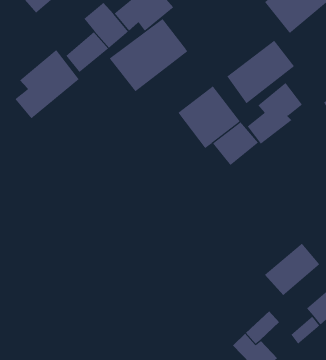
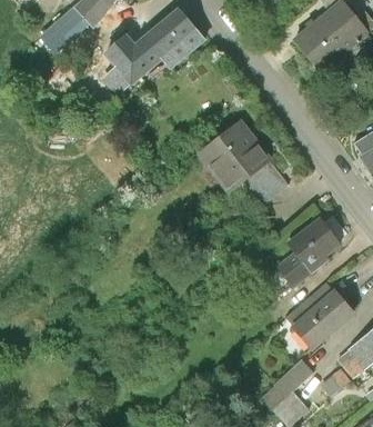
building: [109,18,188,92] -> none
building: [226,40,295,104] -> none
building: [14,49,80,119] -> none
building: [247,82,303,145] -> [279,218,337,284]

